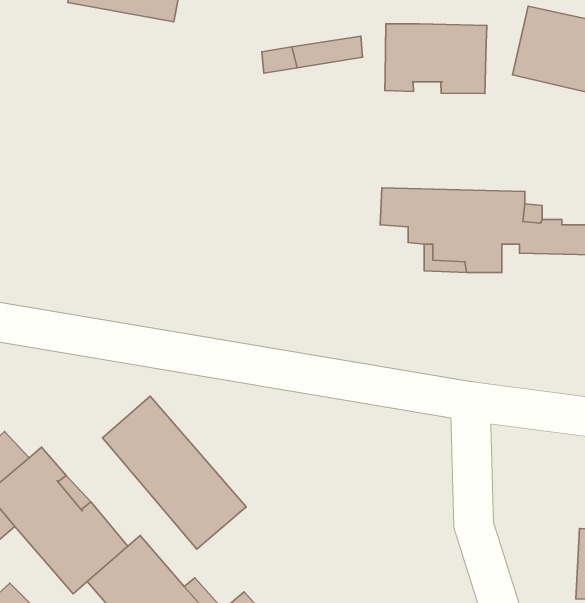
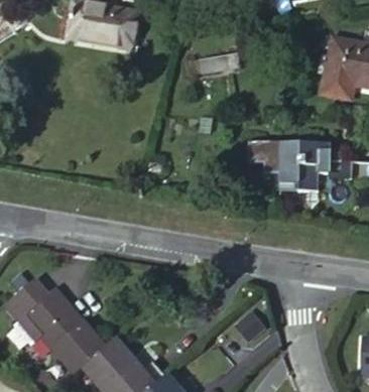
building: [385,24,487,94] -> none
building: [102,396,246,549] -> none

